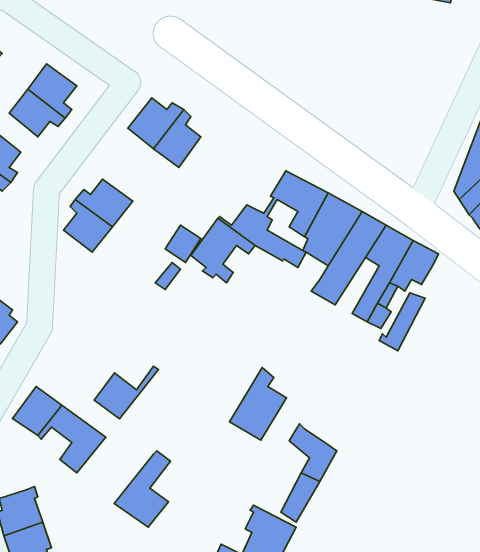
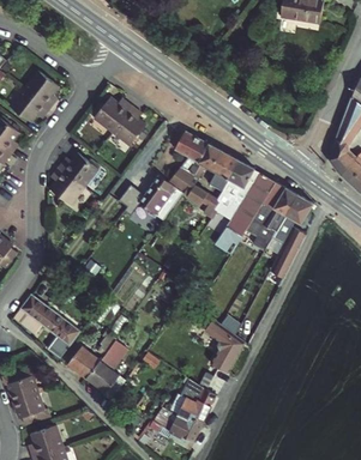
building: none -> [174,132,207,174]
building: [94,366,159,419] -> [68,341,114,379]
building: [229,367,287,440] -> none

